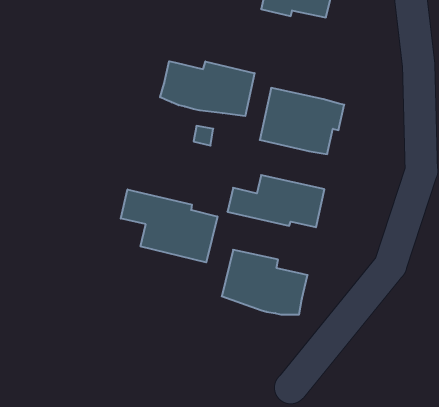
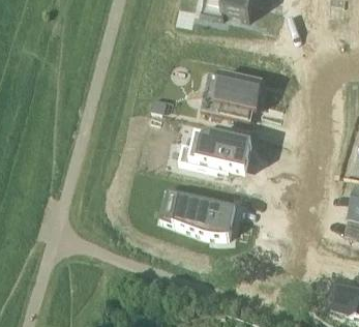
building: [160,61,255,116] -> none
building: [121,189,217,262] -> none

